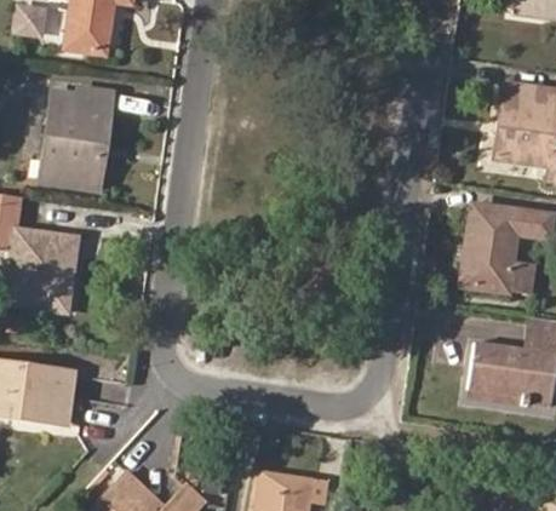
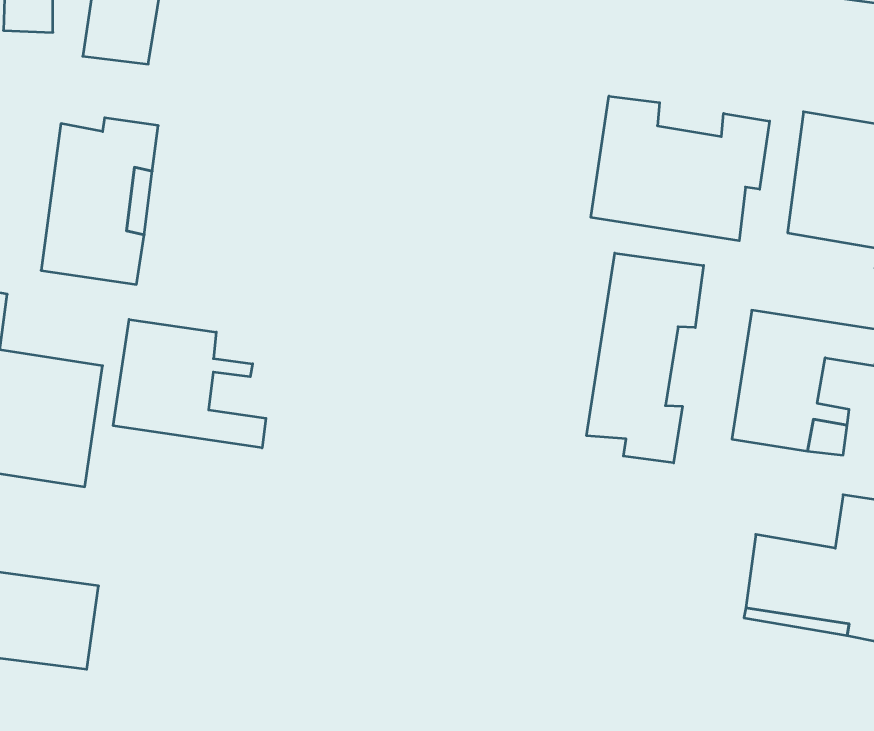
building: none -> [591,96,770,241]
building: none -> [587,253,704,463]
building: none -> [113,319,266,448]

